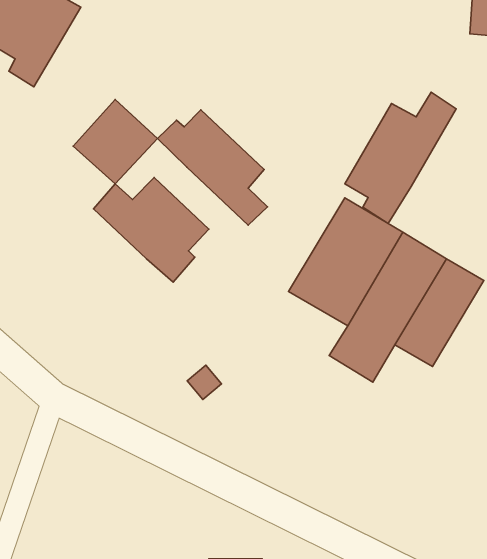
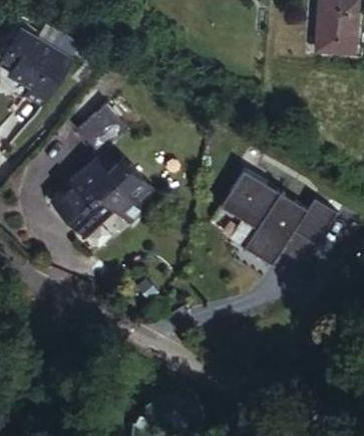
building: [345,92,456,224] -> none
building: [157,110,268,225] -> none
building: none -> [53,173,114,234]

